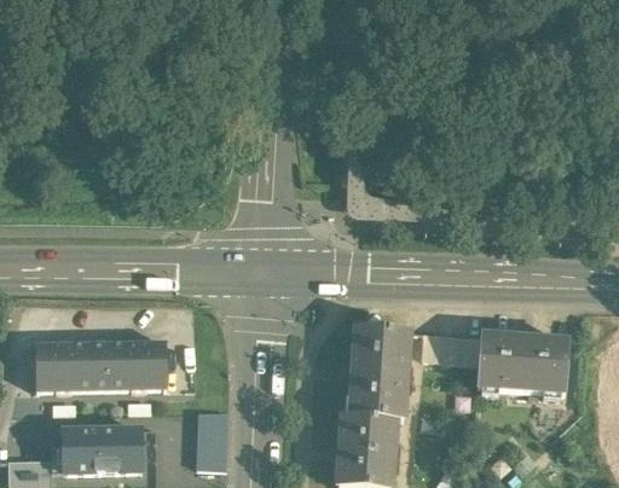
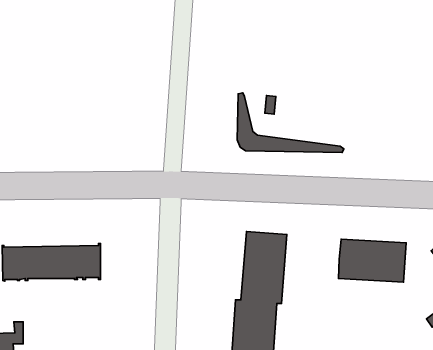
building: [423,333,481,362] -> none
building: [197,414,226,470] -> none
building: [62,428,140,474] -> none

